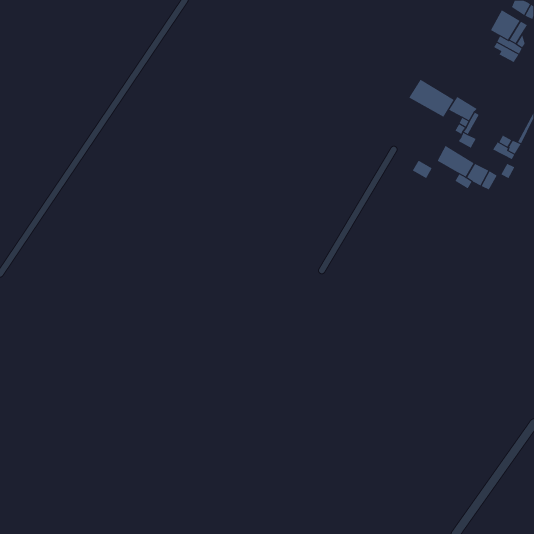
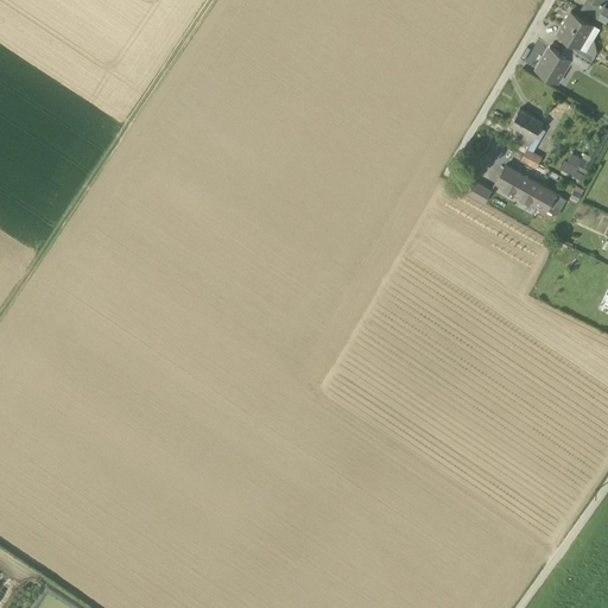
building: none -> [536,46,569,81]
building: [408,79,455,118] -> none

